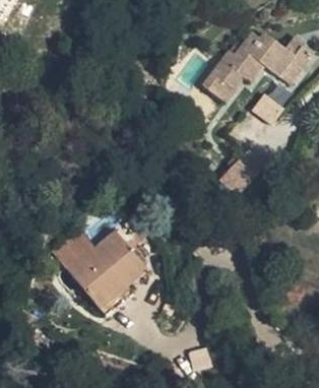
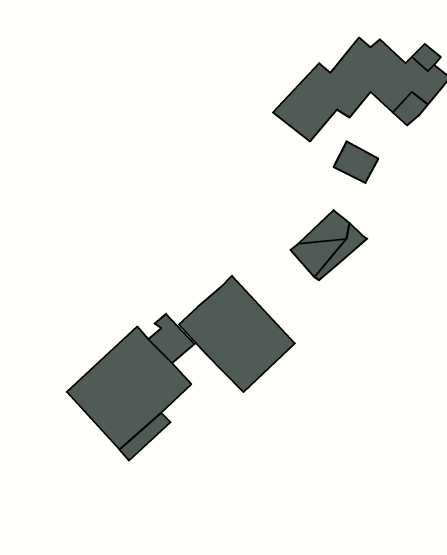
building: none -> [179,276,295,392]

